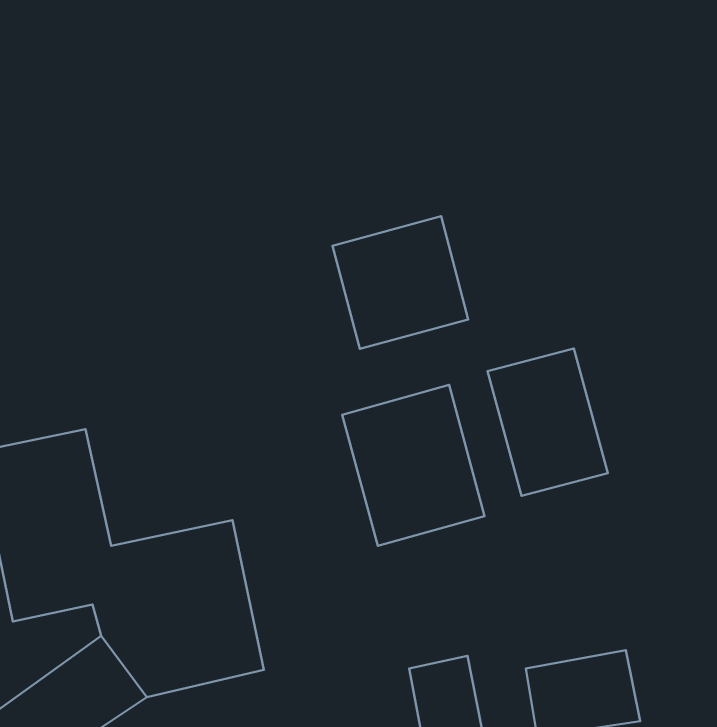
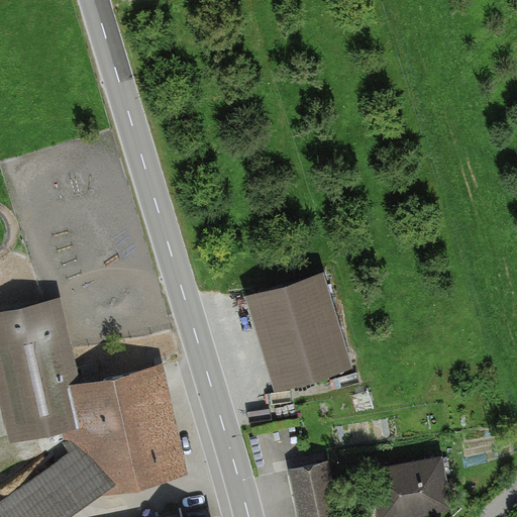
building: [333,216,468,349] -> none
building: [487,349,608,496] -> none

